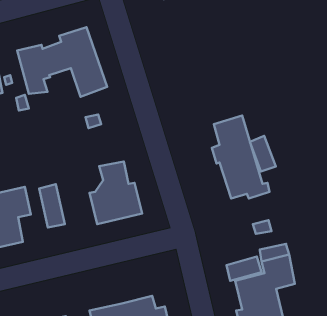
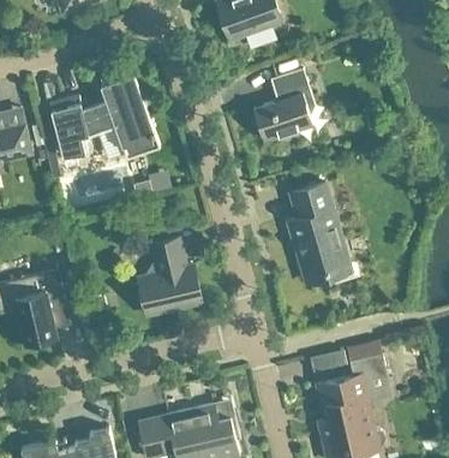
building: none -> [253,67,316,141]
building: [250,136,276,172] -> none
building: [39,184,65,228] -> none

